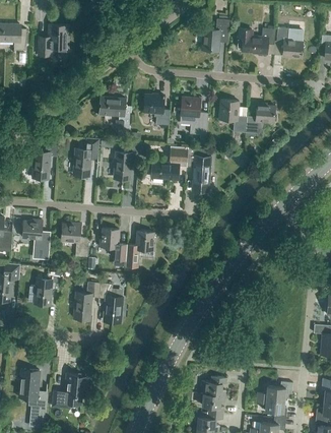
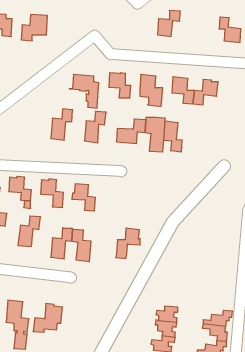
building: [238,24,275,55] -> none
building: [32,141,58,178] -> none
building: none -> [164,121,182,152]
building: [125,231,154,267] -> [116,228,140,258]

